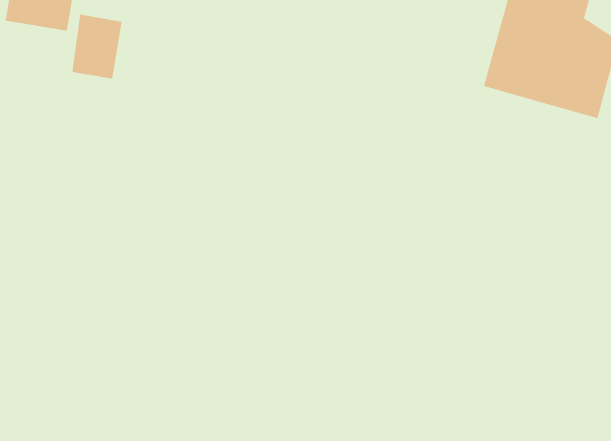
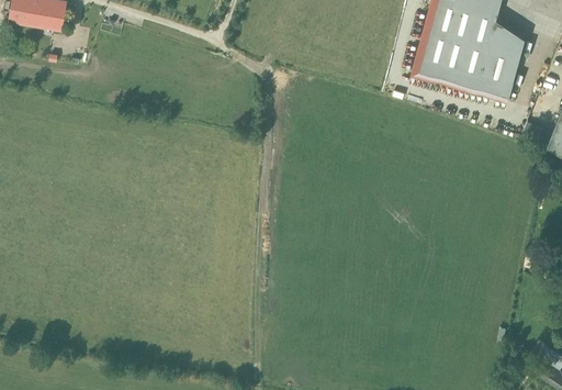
building: [72,14,122,79] -> none

